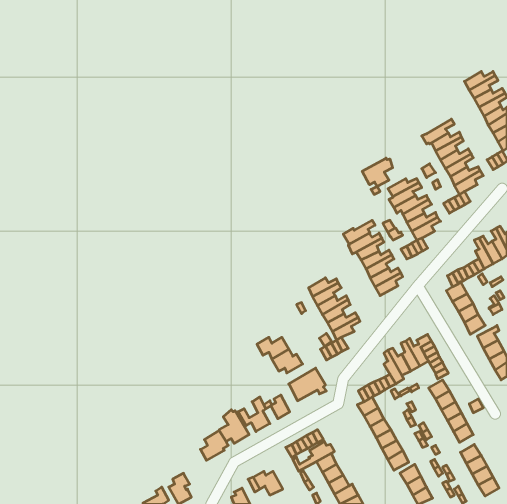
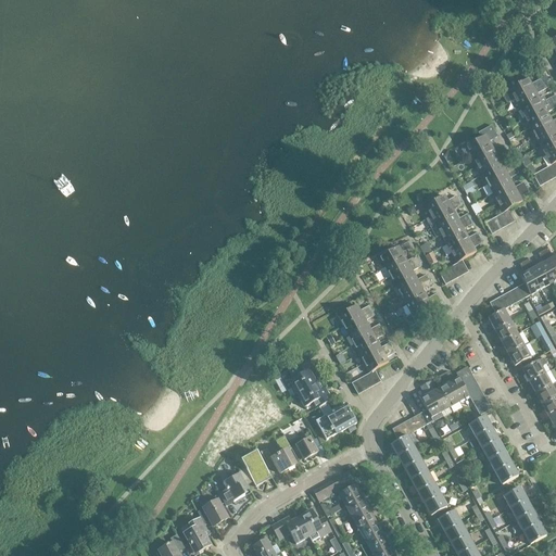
building: [362,158,393,187] -> none
building: none -> [198,495,227,525]
building: none -> [299,508,331,536]

